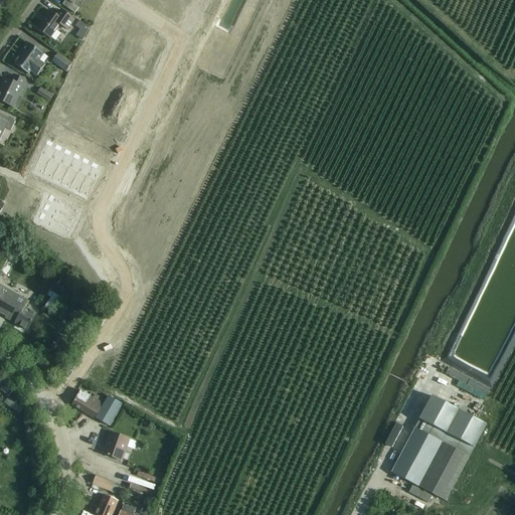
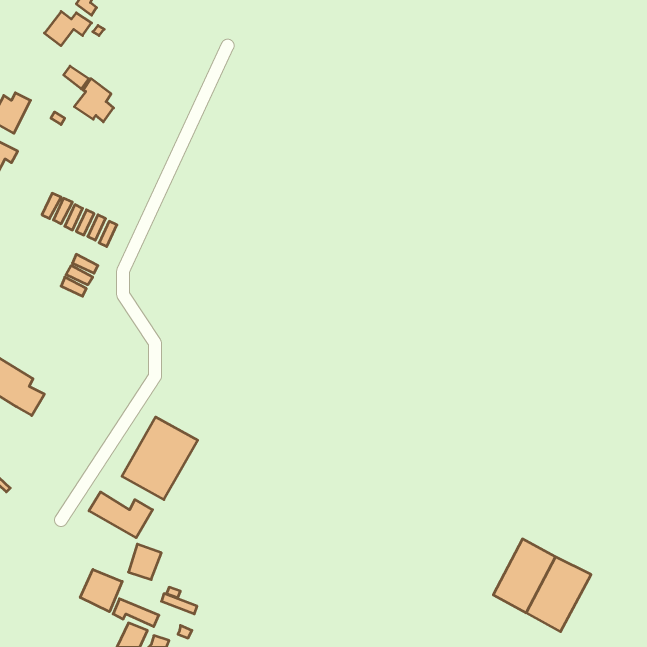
building: [12,40,43,74] -> [74,79,114,122]
building: none -> [122,417,198,500]
building: [413,394,485,455] -> none
building: none -> [80,569,122,612]

